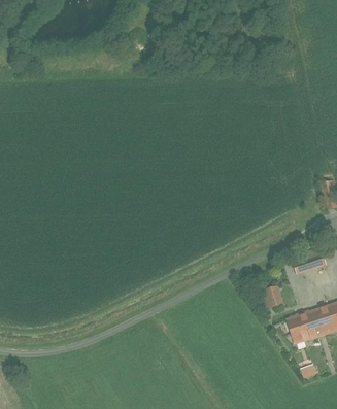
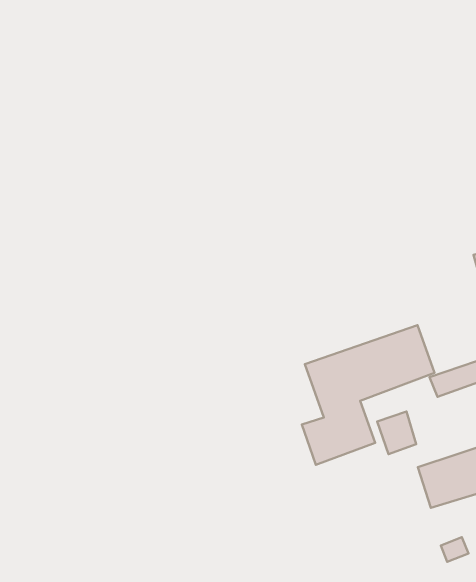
building: none -> [302,325,435,465]

